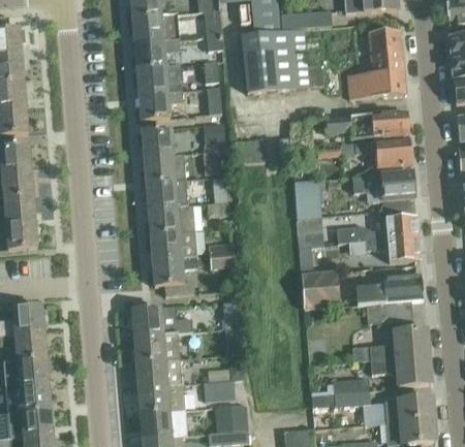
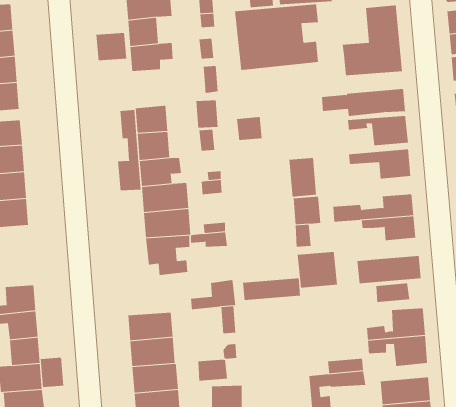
building: [138,92,169,120] -> [96,33,127,61]
building: none -> [118,109,141,191]
building: none -> [243,277,301,301]
building: [132,306,178,334] -> none
building: none -> [40,357,64,388]

